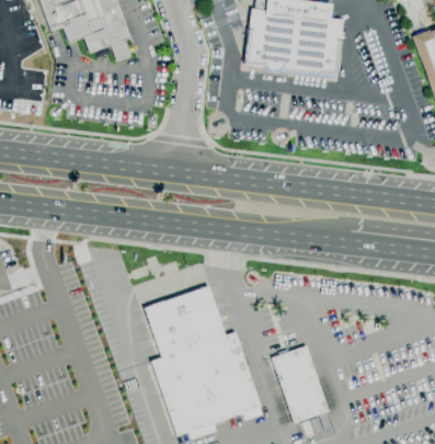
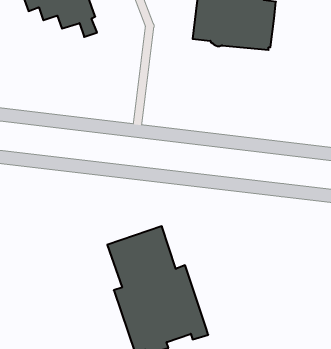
building: [272,346,329,423] -> none

